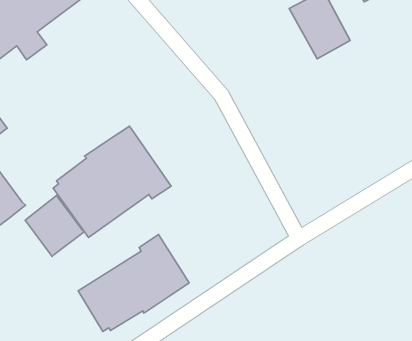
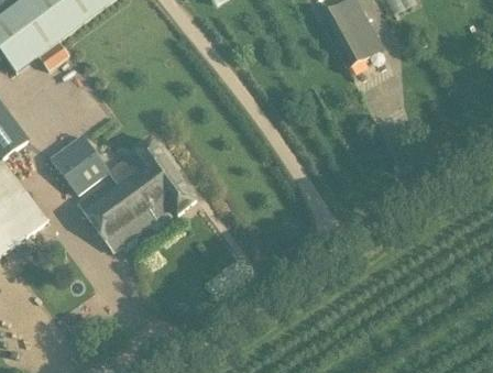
building: [25,196,84,257] -> [48,132,109,195]
building: [78,234,189,331] -> none

